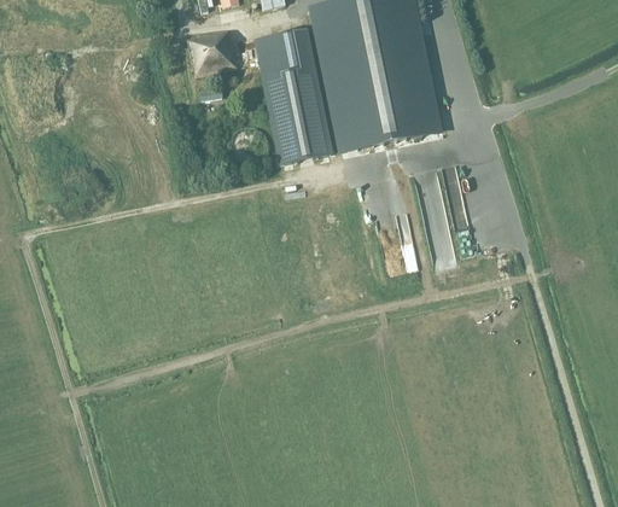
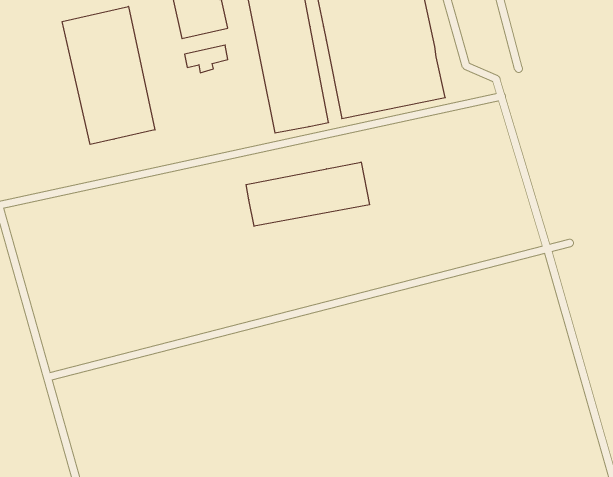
building: none -> [62,6,155,144]
building: none -> [246,162,369,226]

